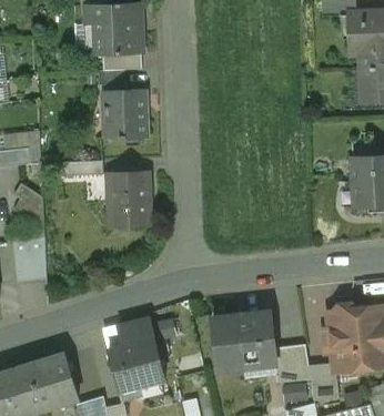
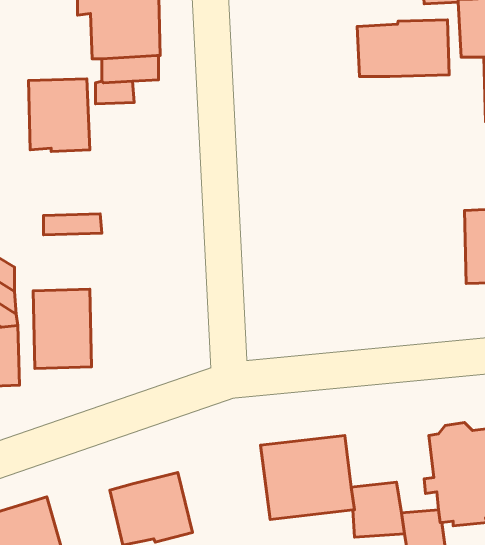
building: none -> [357,20,449,77]
building: [103,90,145,140] -> [28,79,90,152]
building: [109,173,149,227] -> [33,289,92,368]
building: [118,319,154,346] -> none

